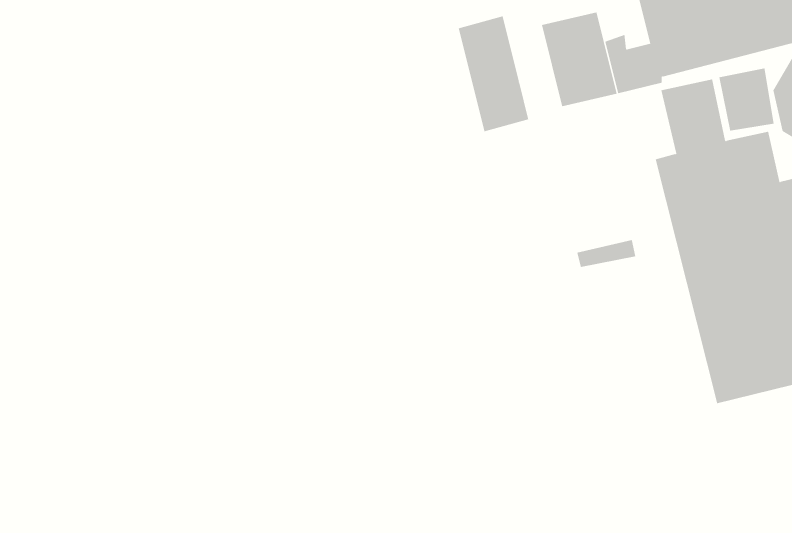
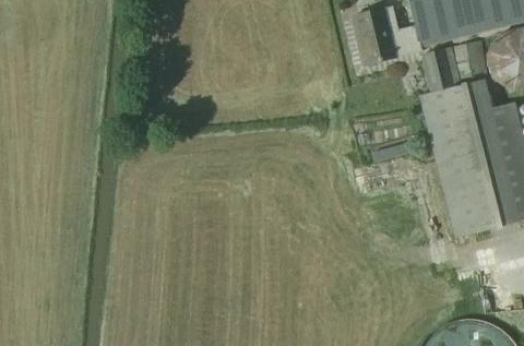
building: [458,16,529,132] -> none

